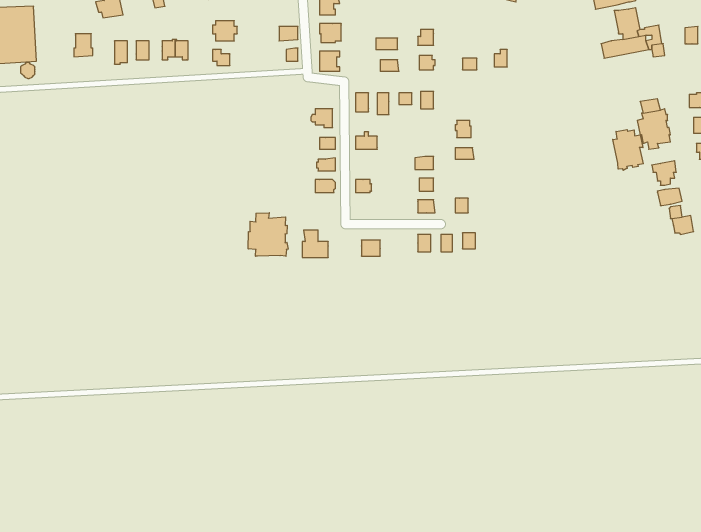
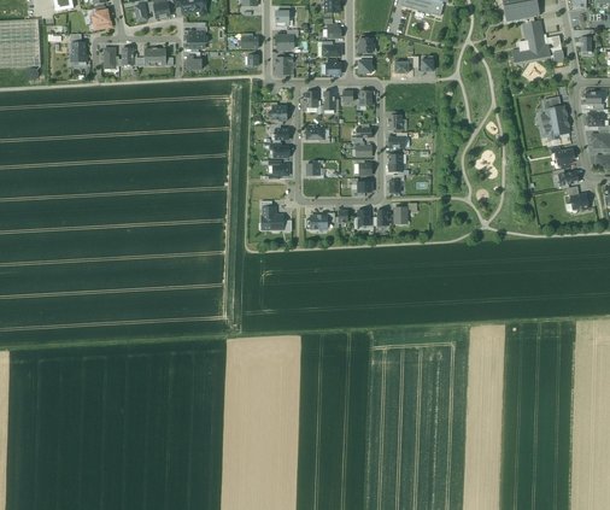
building: [613,130,643,170] -> none
building: [248,213,288,256] -> none

